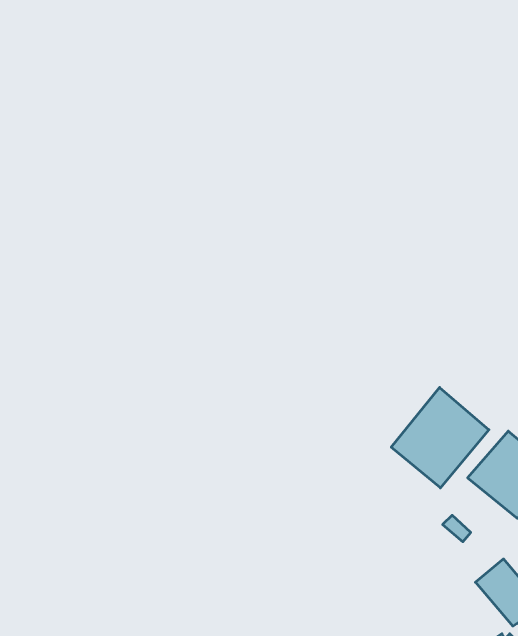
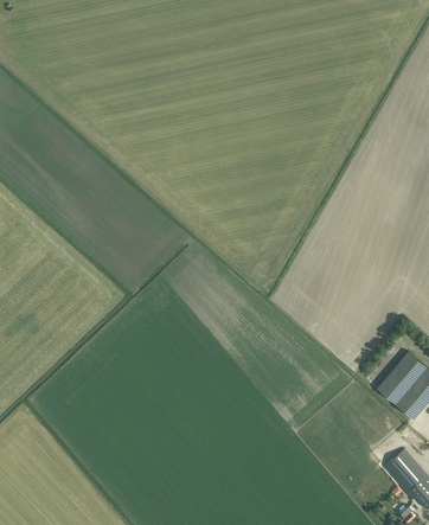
building: [391,387,489,488] -> none

